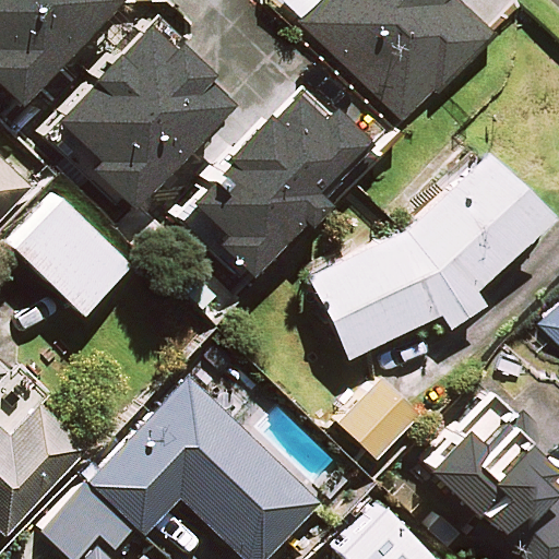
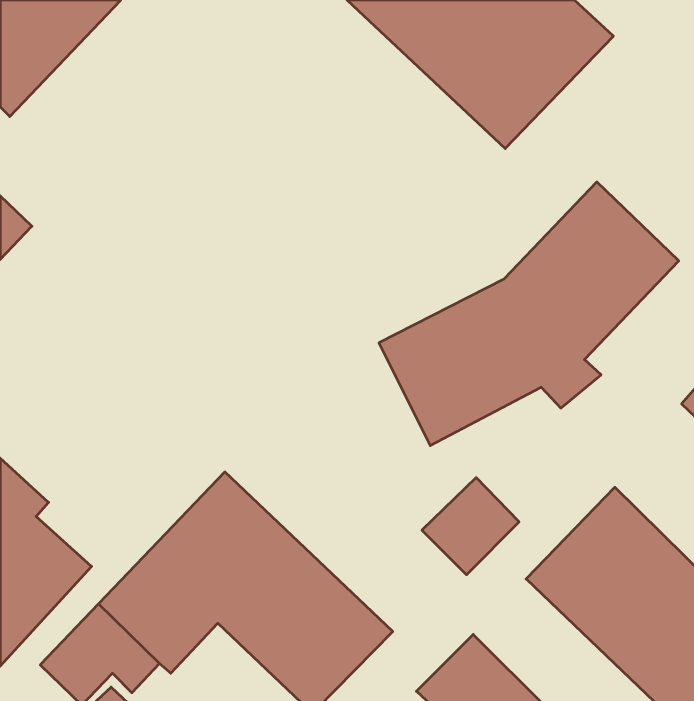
building: [46,19,230,205] -> none
building: [194,87,377,272] -> none
building: [16,198,133,313] -> none

